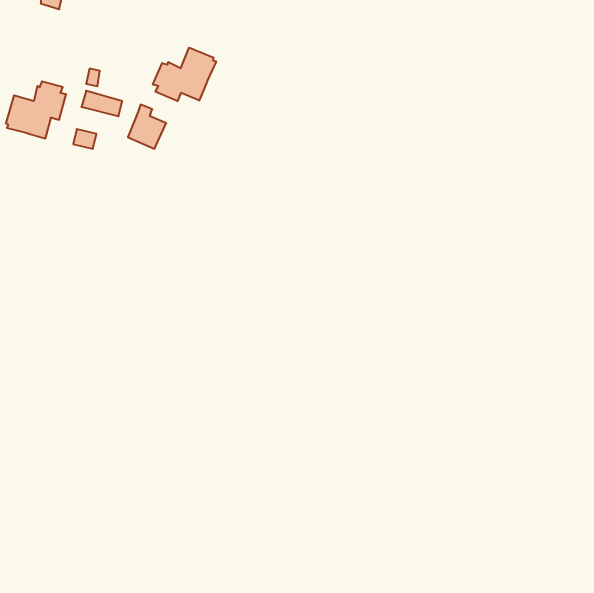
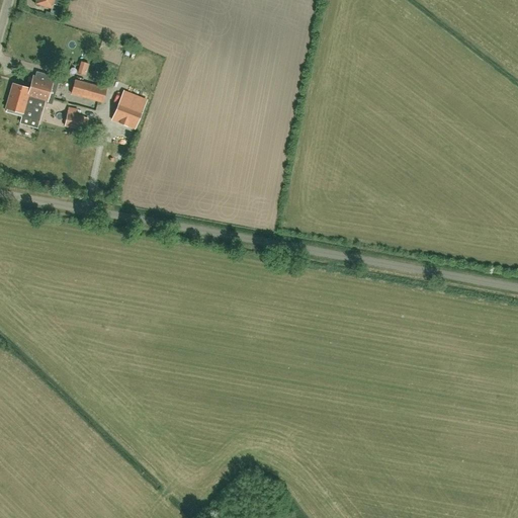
building: [153,48,216,101] -> none

